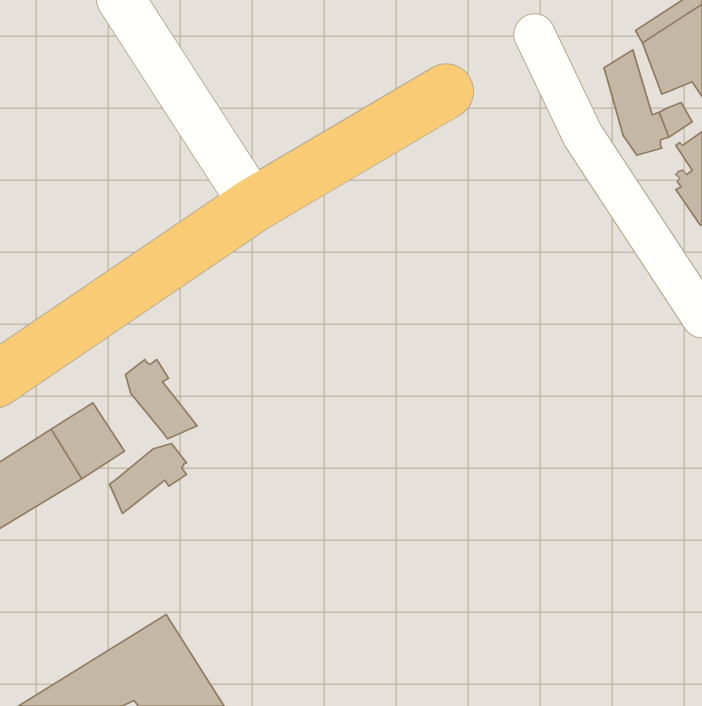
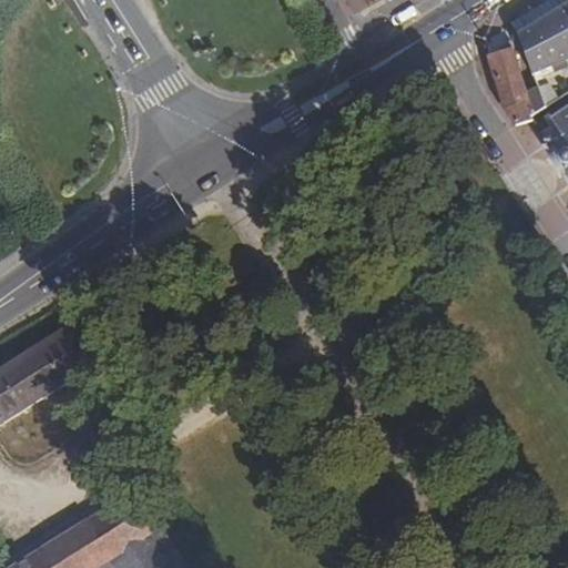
building: [125,360,197,439] -> none
building: [110,444,187,514] -> none

